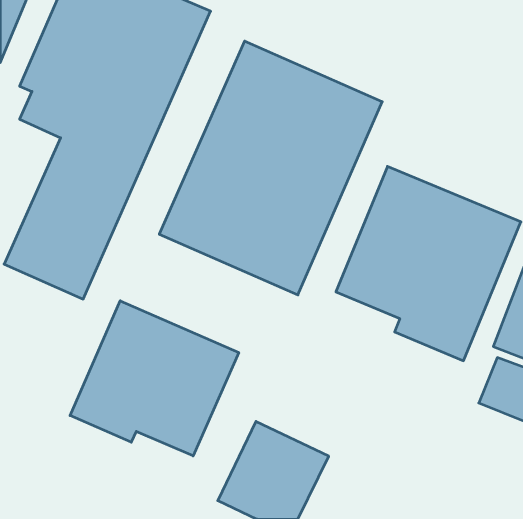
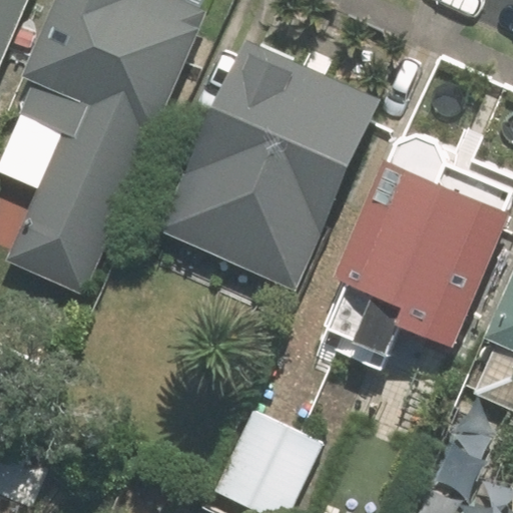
building: [70,301,239,456] -> none

